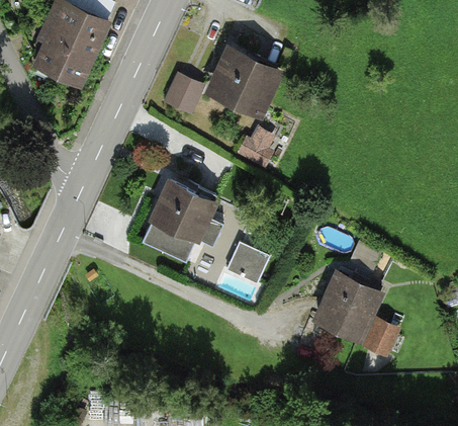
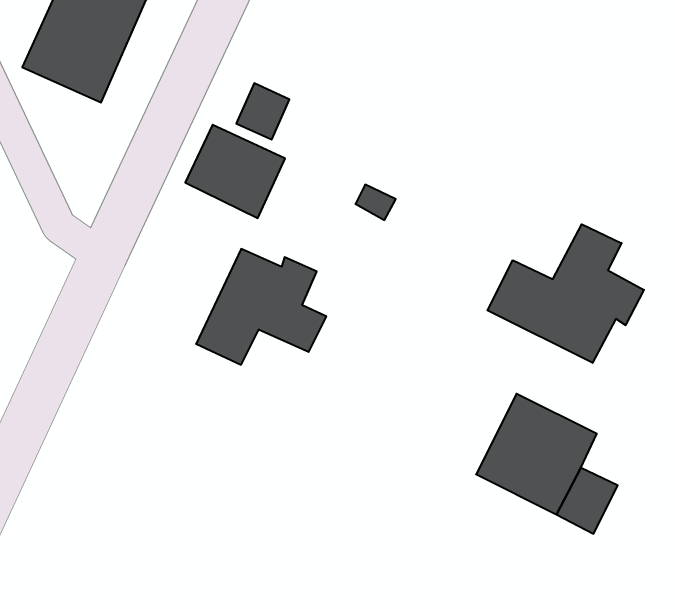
building: [211,51,274,109] -> [185,125,285,218]
building: none -> [487,224,644,363]
building: [225,241,268,282] -> none

